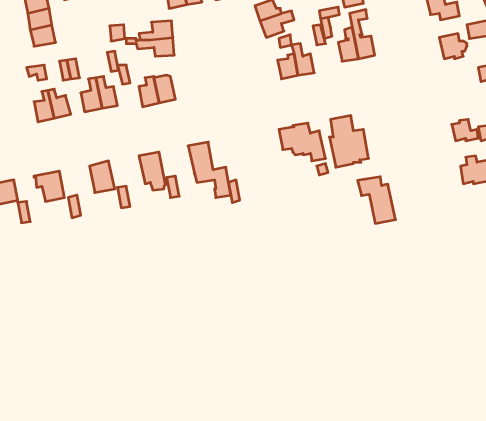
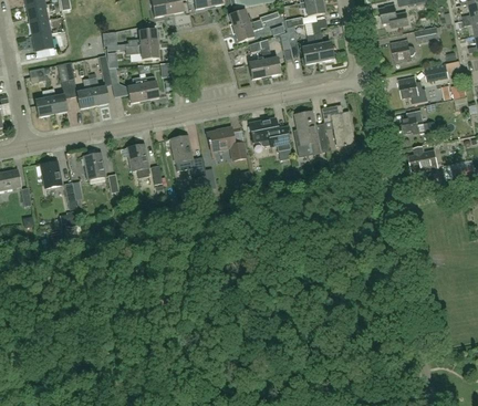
building: none -> [398,77,427,104]
building: none -> [207,127,247,160]
building: [358,177,396,223] -> [322,105,355,146]

